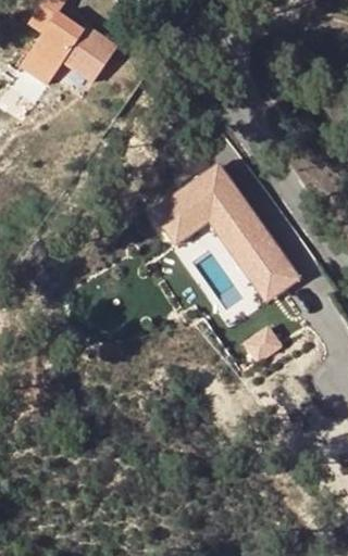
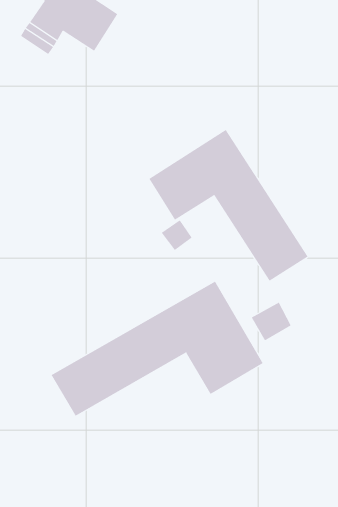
building: none -> [51,281,263,417]

